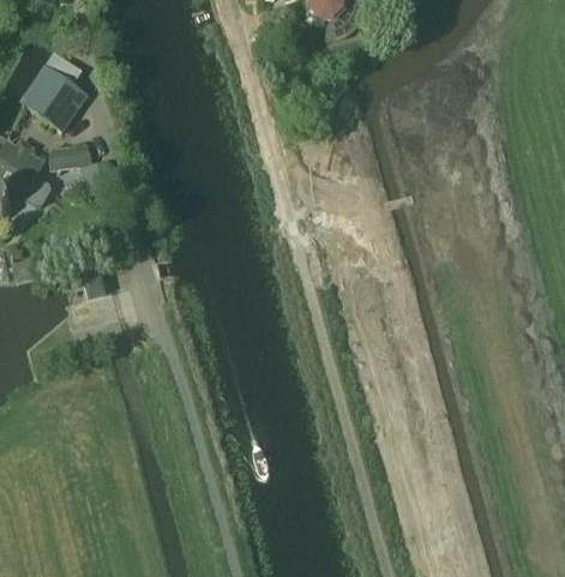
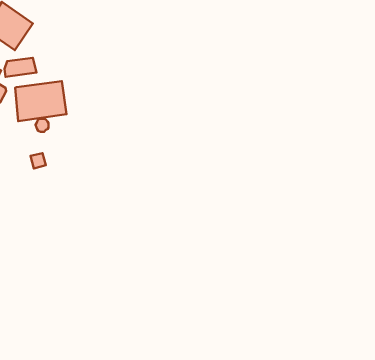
building: none -> [15,81,66,121]

